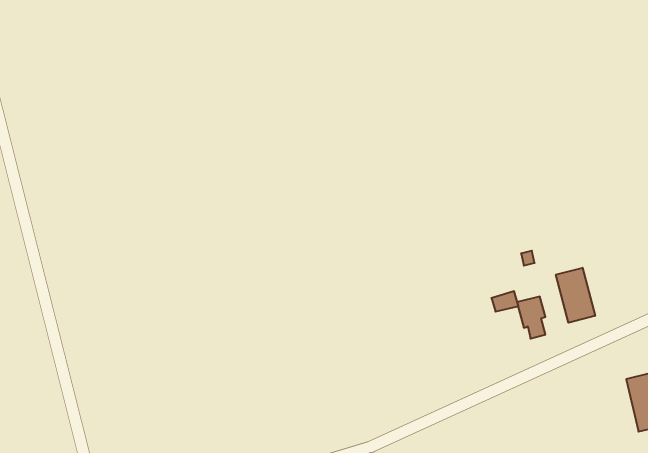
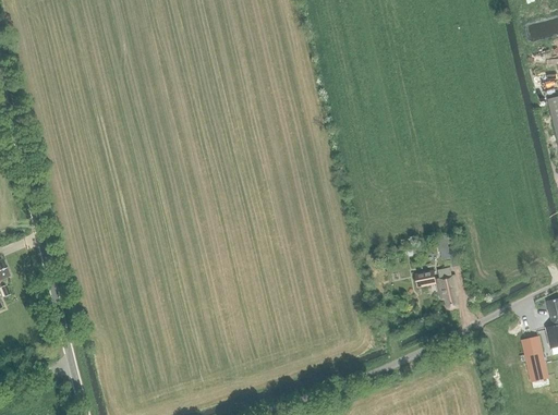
building: [556,268,595,323] -> none

